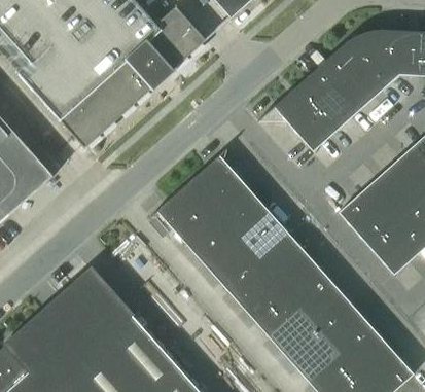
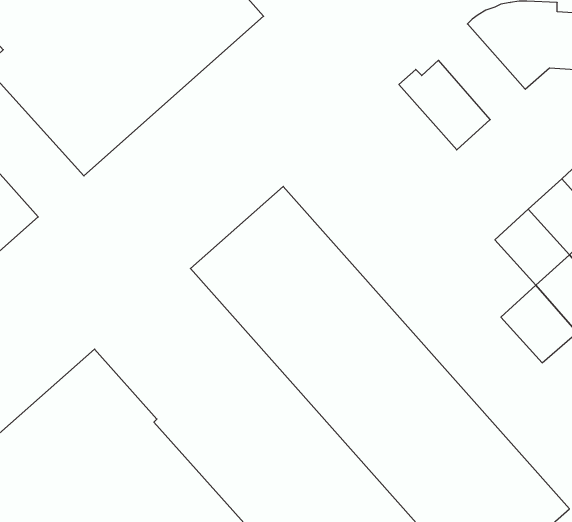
building: [324,45,383,110] -> none
building: [274,86,337,151] -> none
building: [339,191,390,244] -> none

